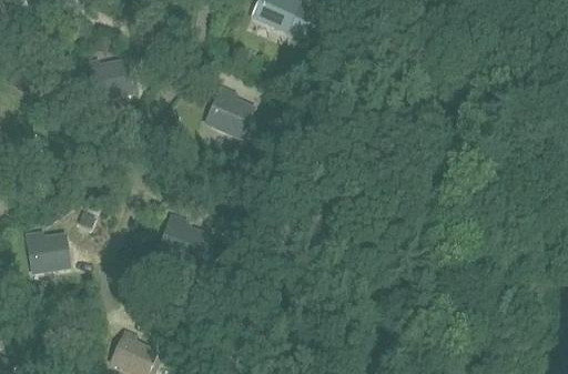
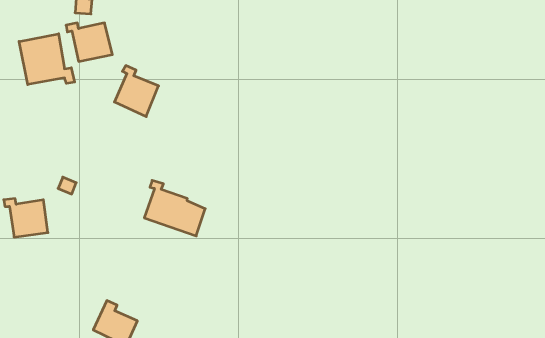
building: none -> [19,34,75,85]
building: [210,87,253,137] -> [114,66,159,117]

